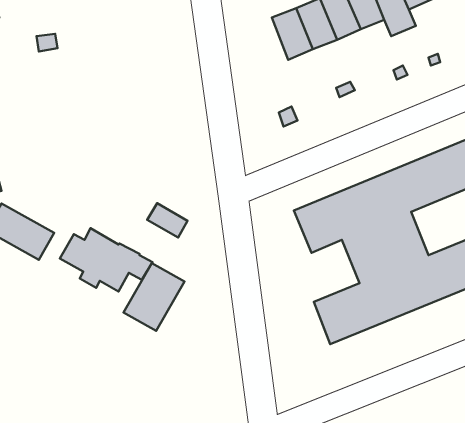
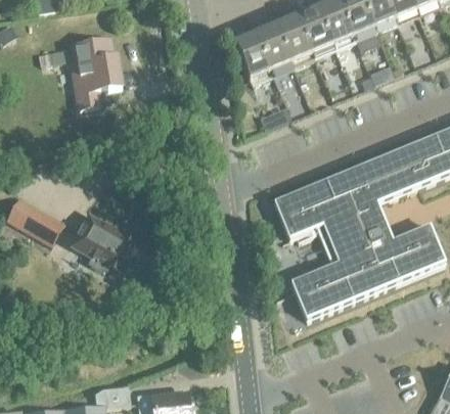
building: none -> [233,33,269,78]
building: none -> [71,38,121,106]
building: [147,203,187,238] -> none
building: [124,263,184,331] -> none

